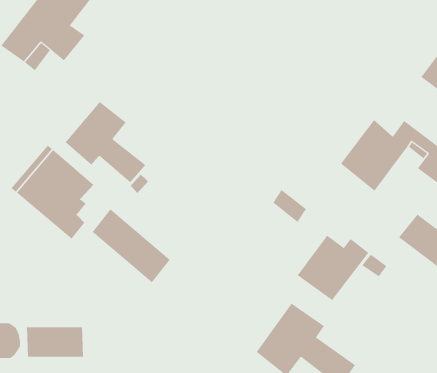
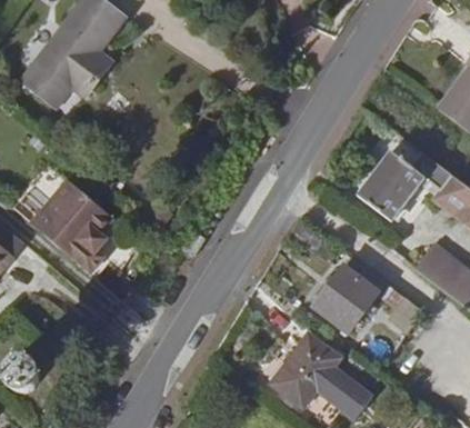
building: [65,101,146,183] -> none
building: [92,208,171,283] -> none
building: [27,327,83,358] -> none

